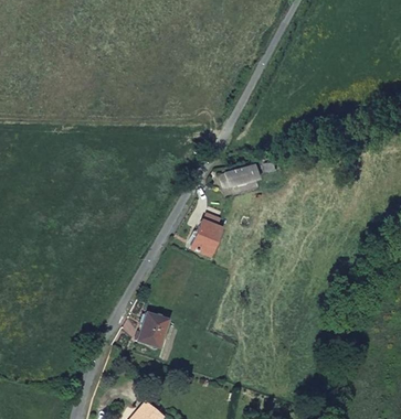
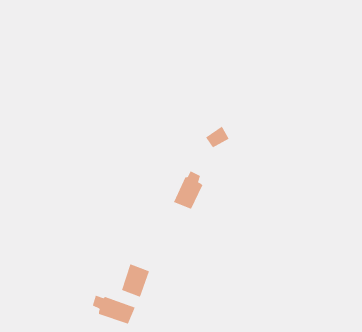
building: none -> [92,295,135,325]

